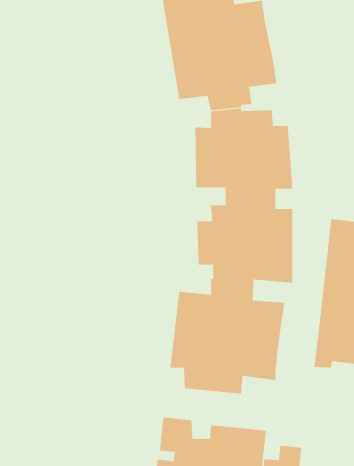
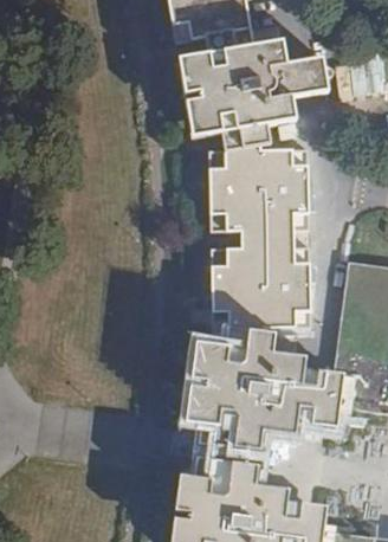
building: none -> [282,51,324,96]
building: none -> [292,362,337,427]
building: none -> [208,440,257,478]

